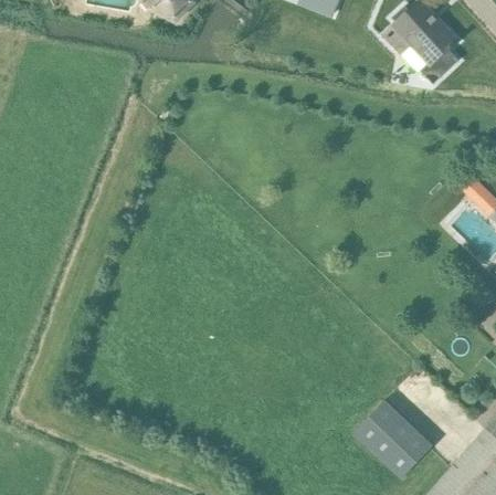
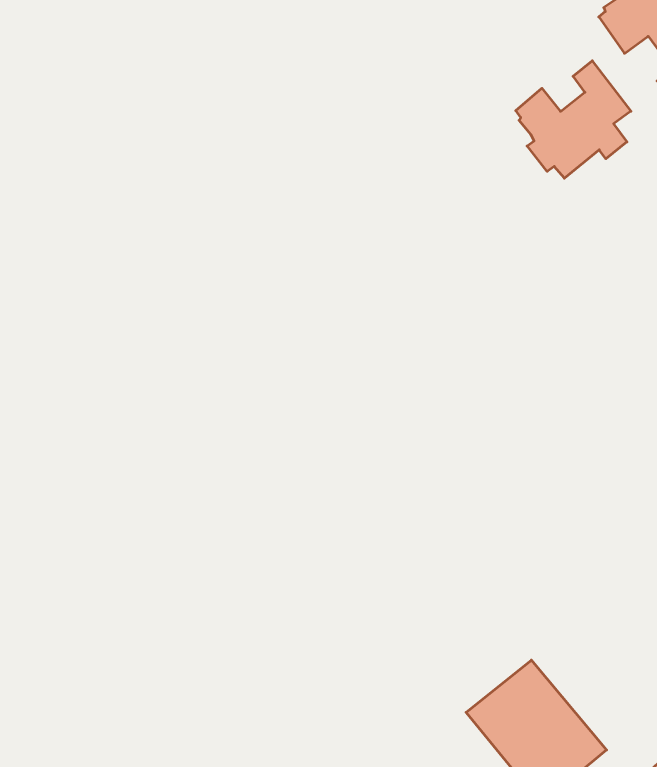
building: none -> [516,61,631,178]

